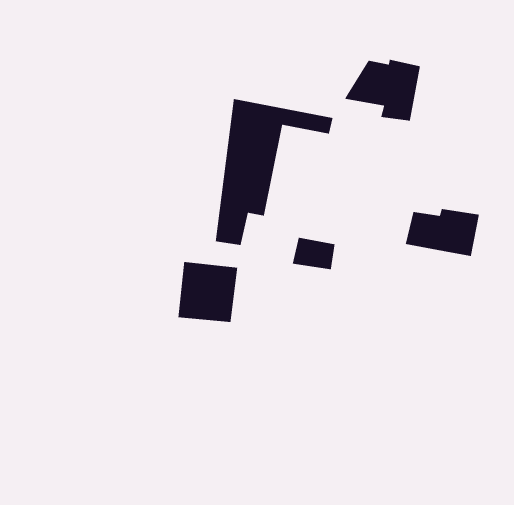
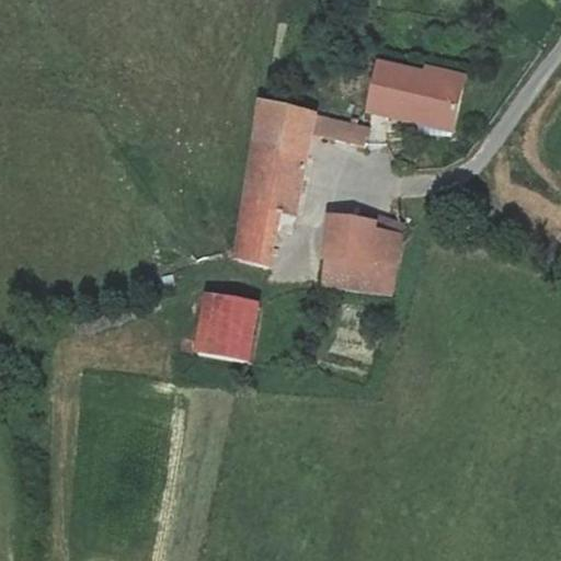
building: none -> [365,59,402,102]
building: [405,208,480,257] -> [327,217,408,270]

